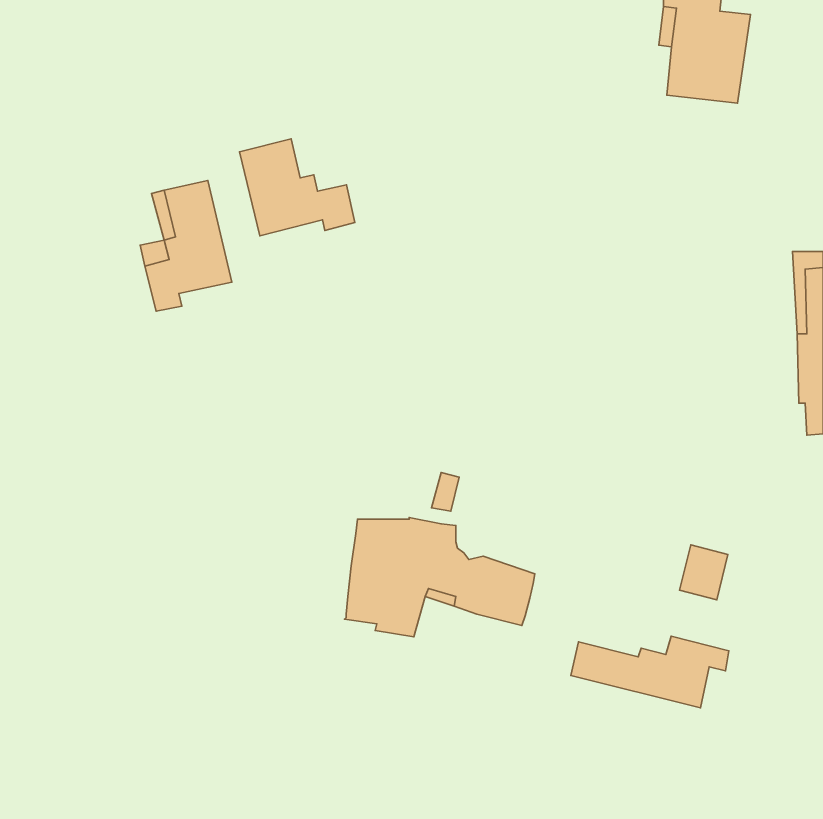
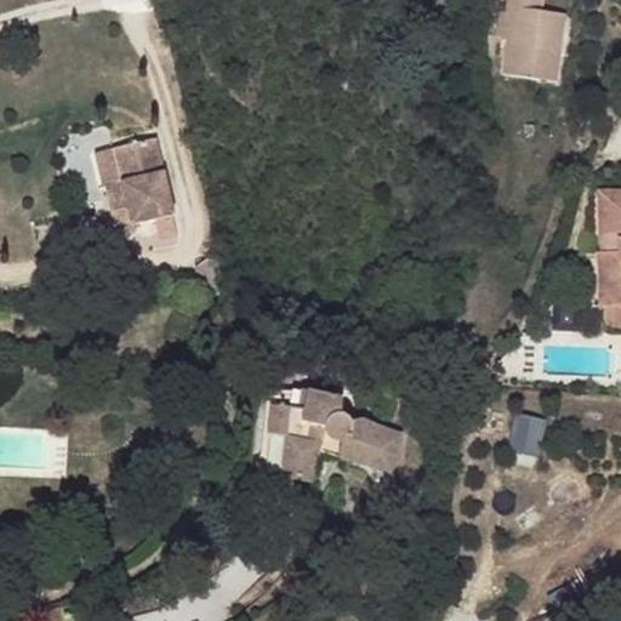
building: [240,139,355,236] -> none
building: [571,636,729,708] -> none

